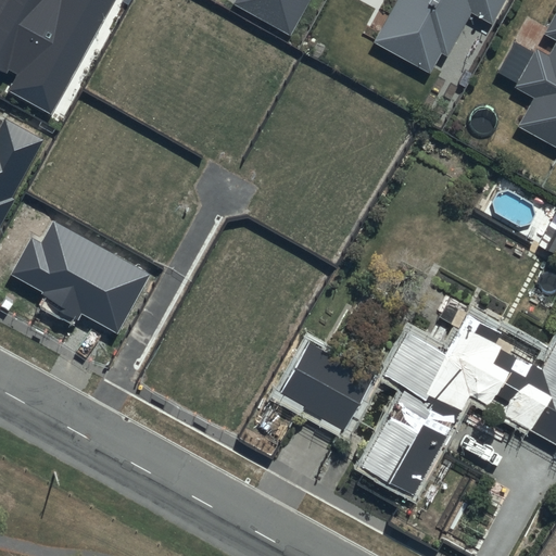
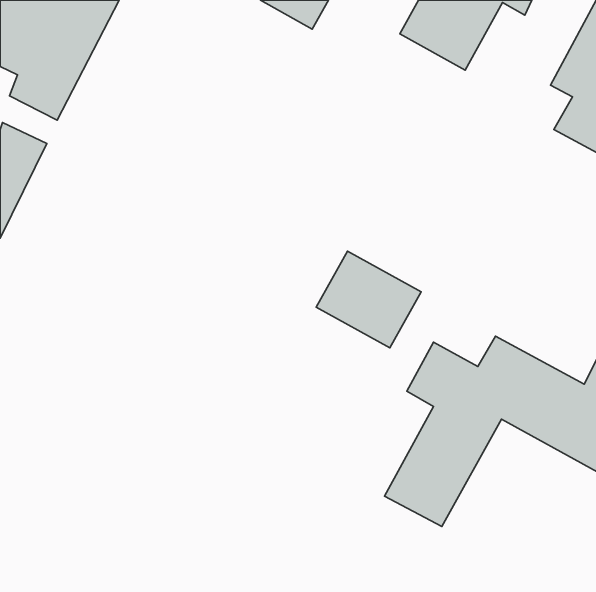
building: [12,226,151,338] -> none
building: [274,336,371,426] -> [316,251,421,348]

